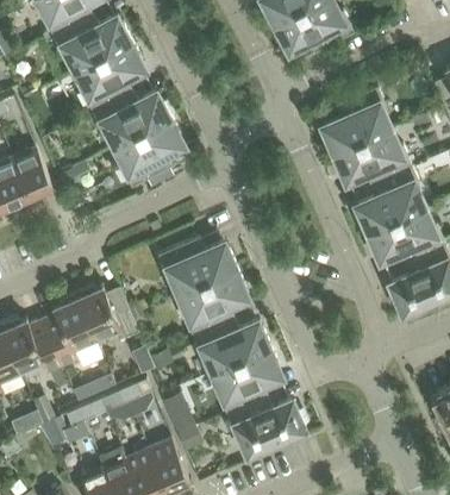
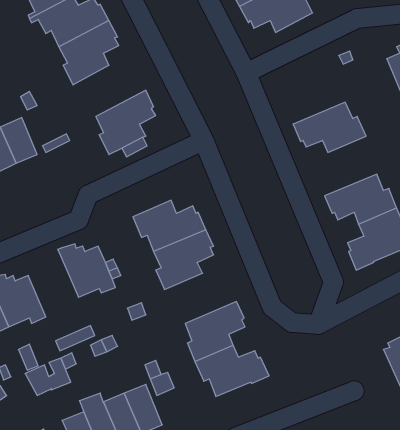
building: [324,88,389,155] -> none
building: [92,90,171,146] -> none
building: [358,168,424,233] -> none
building: [43,292,98,365] -> none
building: [192,318,270,372] -> none

